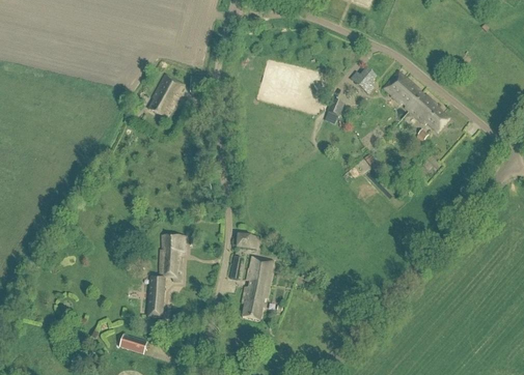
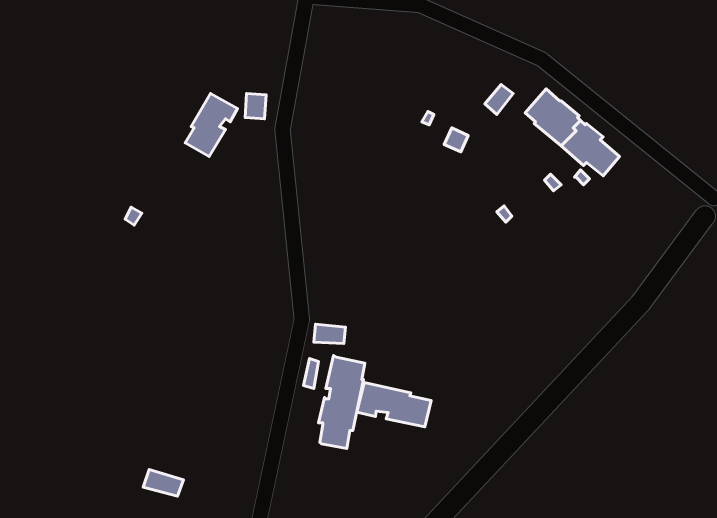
building: [148,234,186,316] -> none
building: none -> [357,383,431,427]

